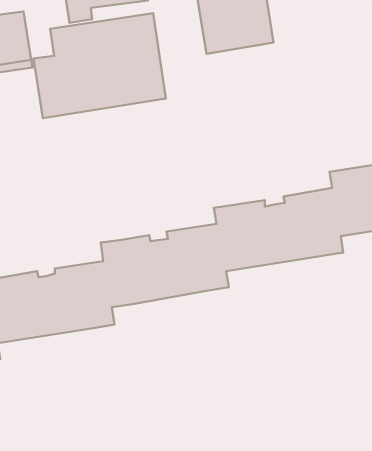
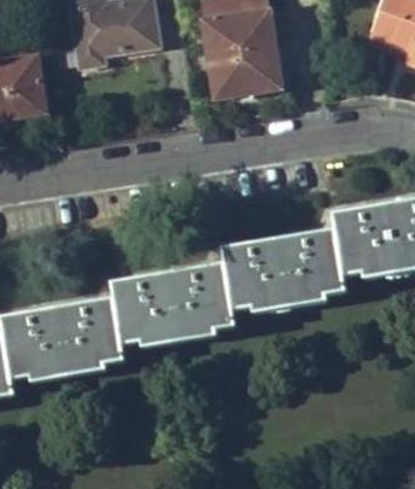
building: [33,13,166,118] -> none

